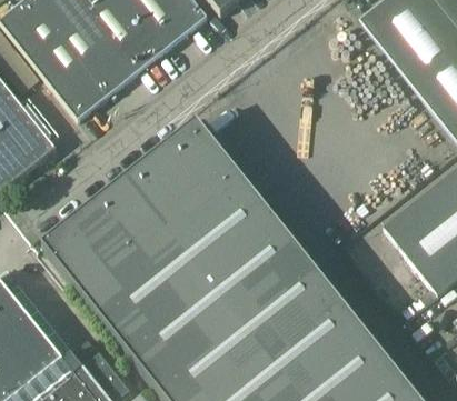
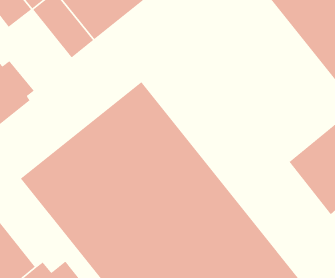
building: [27,31,107,117] -> none

